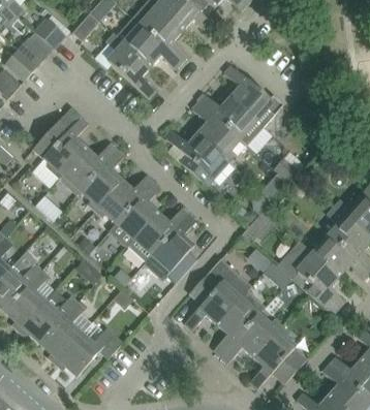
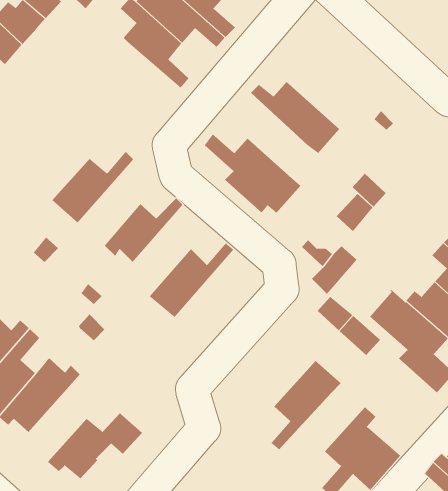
building: [224,64,283,126] -> none
building: [192,100,240,159] -> none
building: [34,116,89,177] -> none
building: [76,148,125,209] -> none
building: [109,180,161,246] -> none
building: [144,212,197,282] -> none
building: [185,258,250,329] -> none
building: [41,301,86,362] -> none
building: [220,314,281,361] -> none

